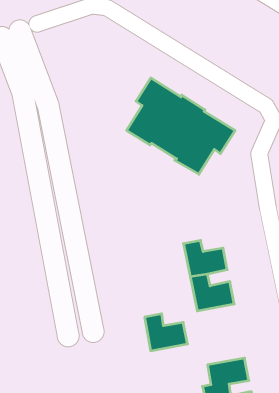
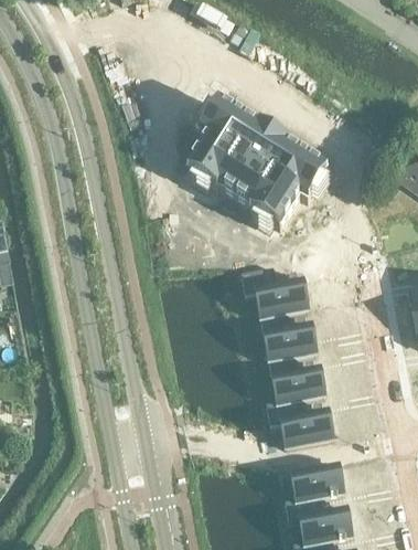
building: none -> [240,268,308,319]
building: [145,314,188,351] -> [277,401,332,448]

